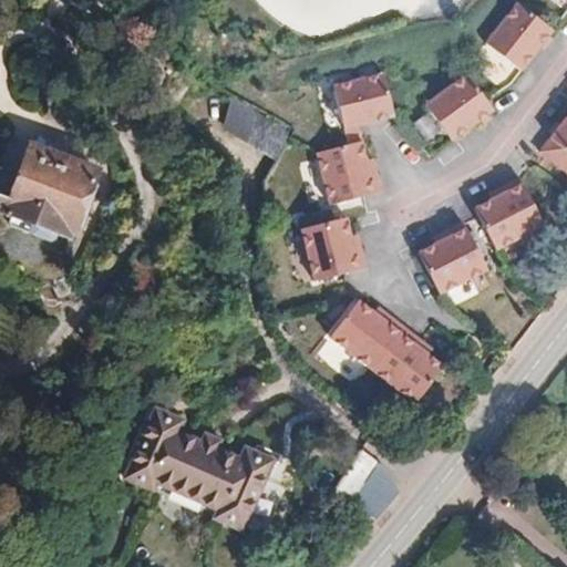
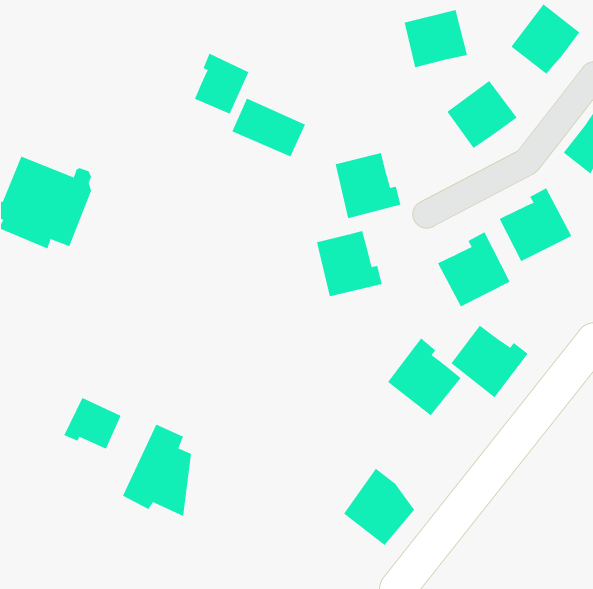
building: none -> [194,53,249,114]
building: [336,74,396,130] -> [404,10,468,68]
building: [328,293,402,363] -> [451,325,528,398]
building: none -> [63,397,121,450]
building: [176,432,265,527] -> none

